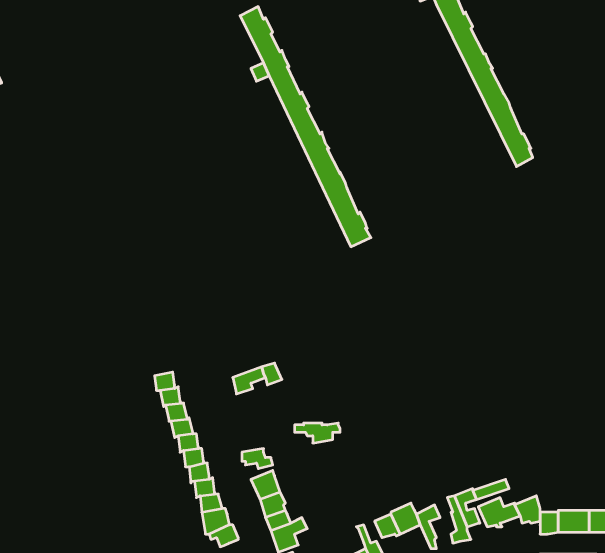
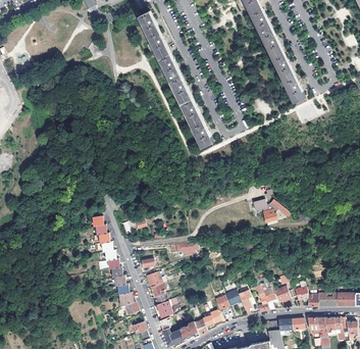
building: none -> [252,200,290,223]

